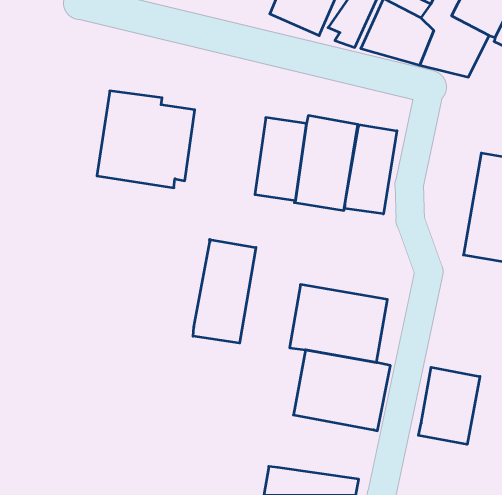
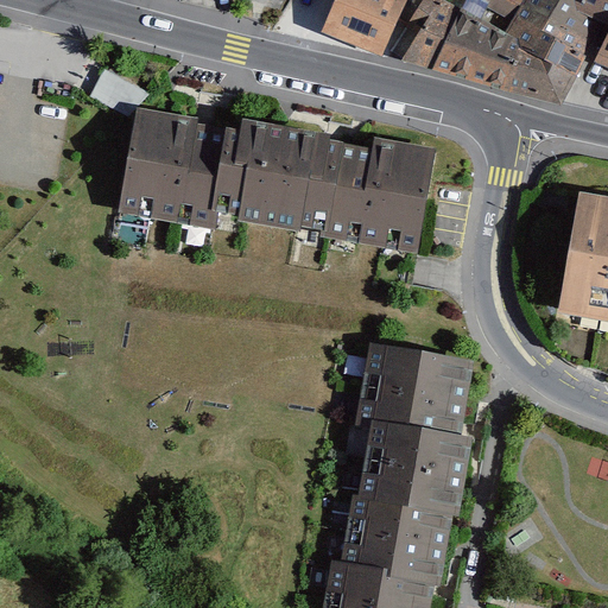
building: none -> [224,121,324,234]
building: [345,125,397,214] -> none
building: [193,239,256,343] -> none
building: [418,367,480,444] -> none
building: none -> [337,498,452,580]

